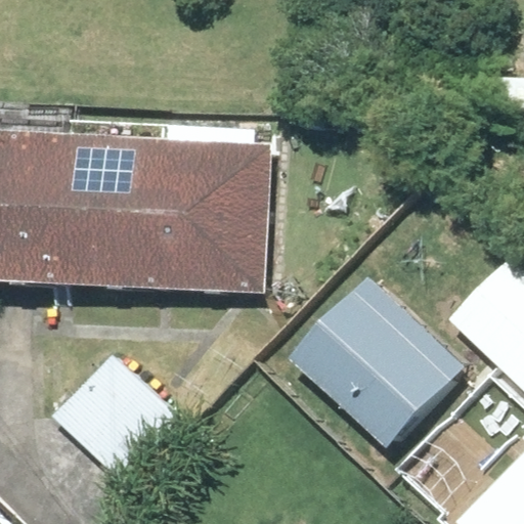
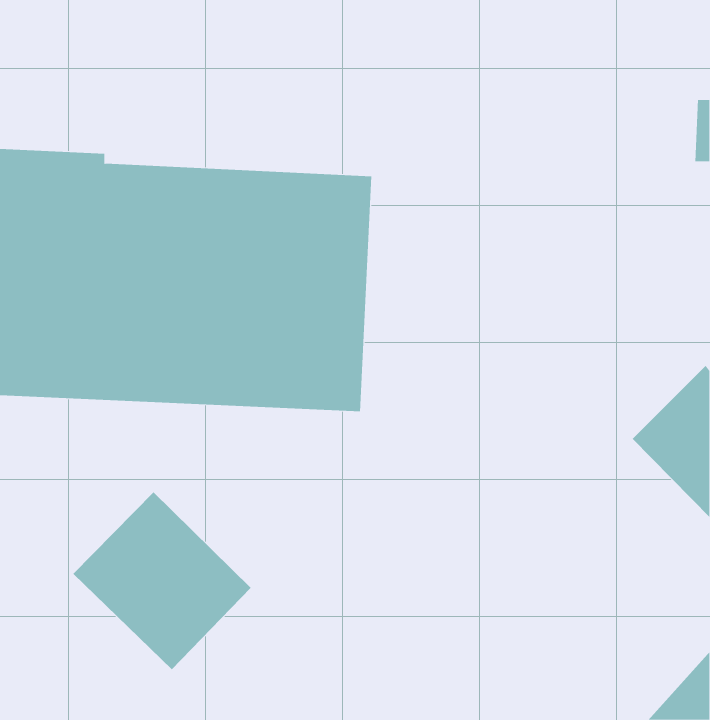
building: [295,277,461,443] -> none

